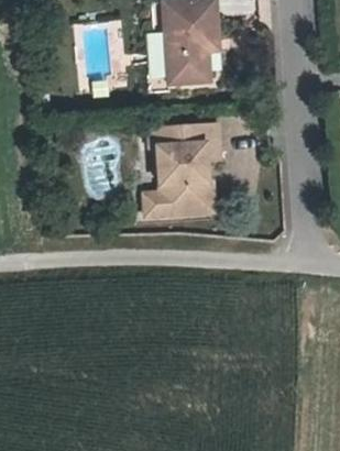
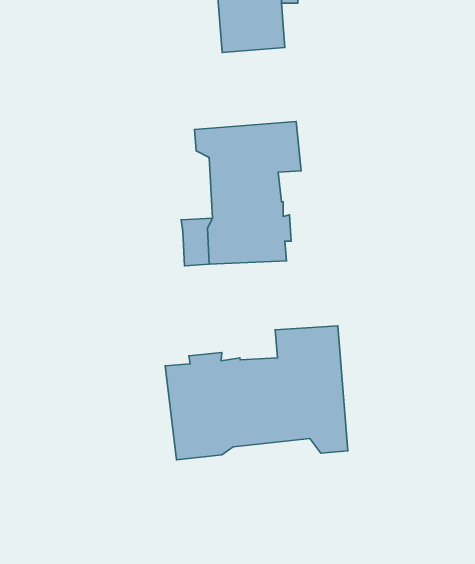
building: none -> [165,326,348,460]

